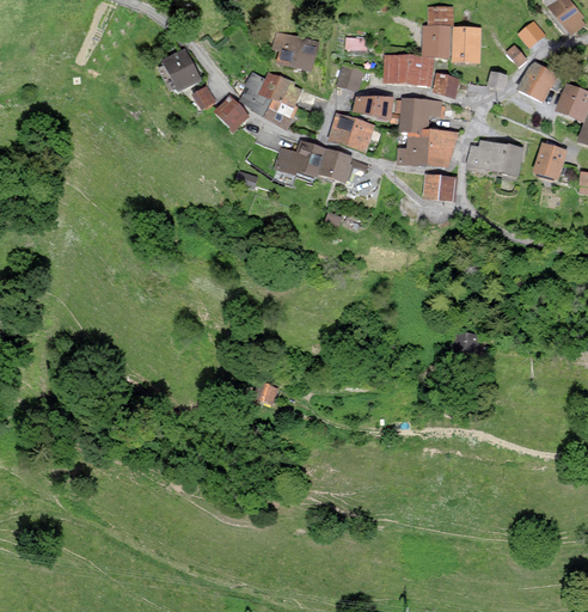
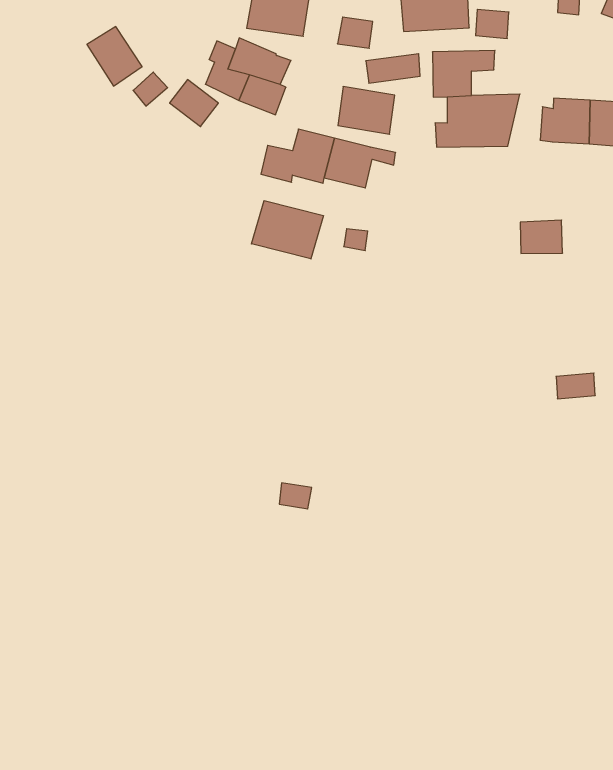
building: [425,173,457,198] -> [520,220,563,253]
building: none -> [251,201,323,259]

